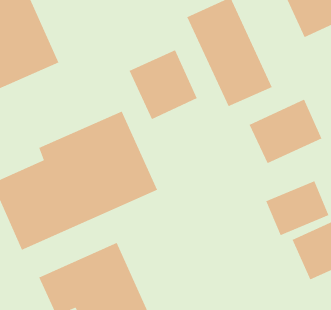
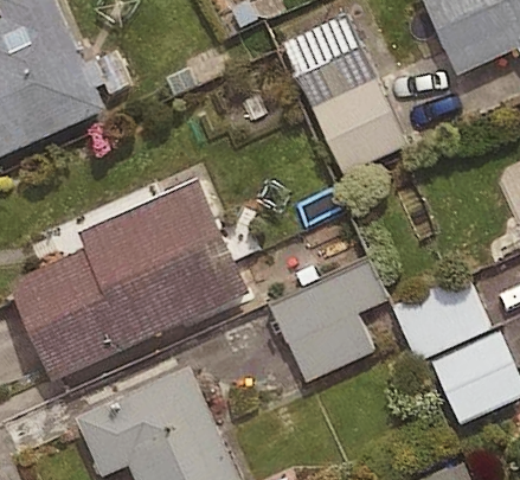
building: [128,49,198,120] -> none
building: [249,99,323,164] -> none
building: none -> [276,263,389,382]

